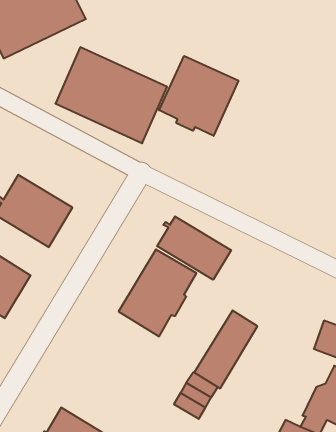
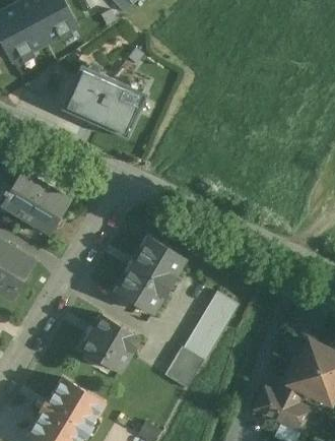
building: [159,56,238,136] -> none
building: [157,216,231,280] -> none
building: none -> [79,315,137,373]

